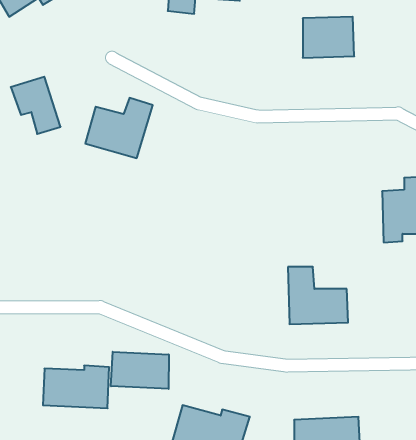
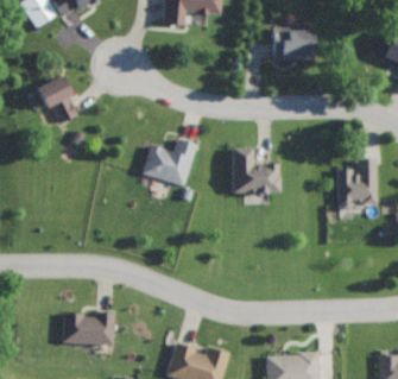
building: [85,98,153,158] -> [141,138,196,187]
building: [288,267,348,324] -> [232,147,280,194]
building: [111,352,169,389] -> none

